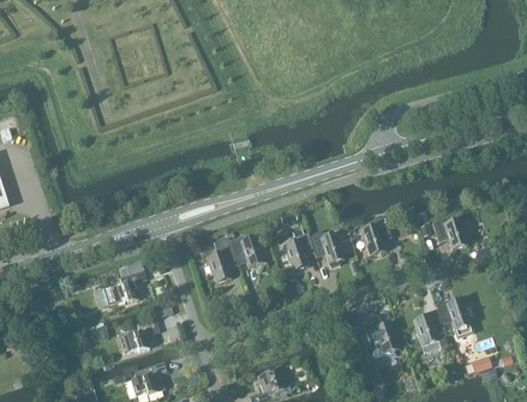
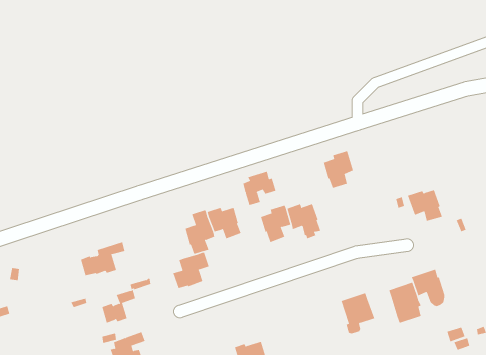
building: none -> [243,171,276,206]
building: [360,217,391,256] -> [323,151,354,188]
building: none -> [173,252,210,289]

